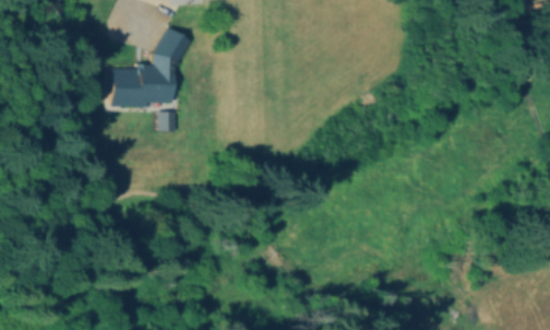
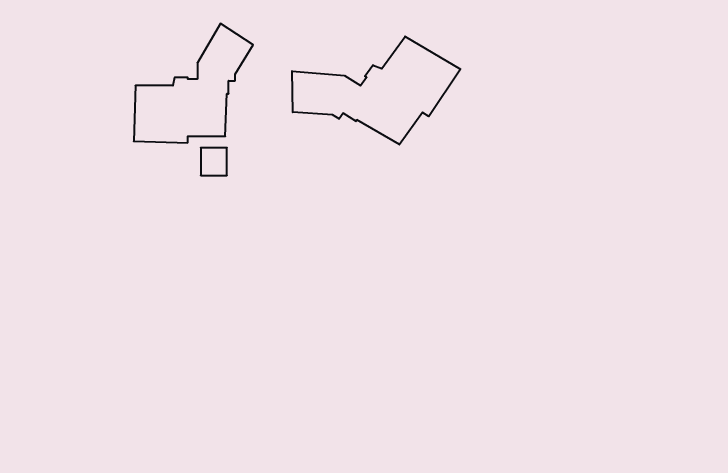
building: none -> [292,36,460,145]

